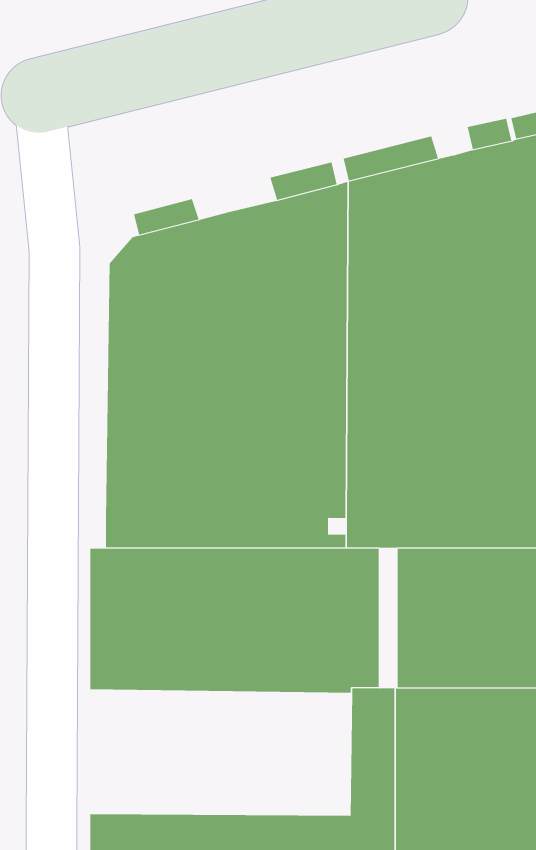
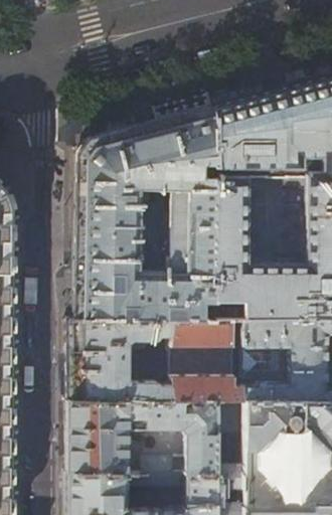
building: none -> [66,414,217,487]

